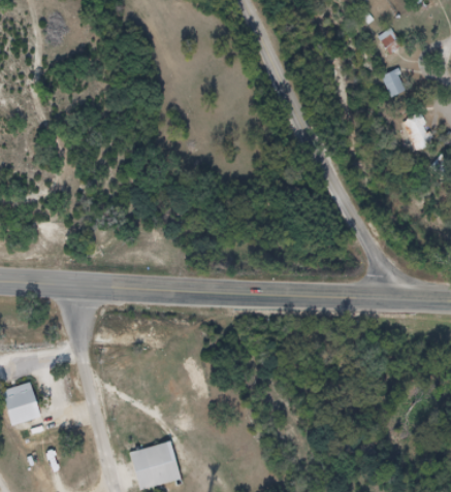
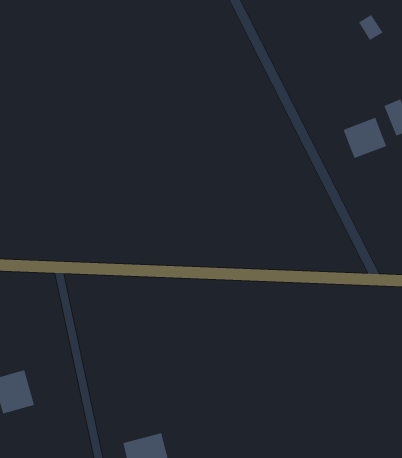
building: [378,65,404,94] -> none
building: none -> [343,117,387,159]

